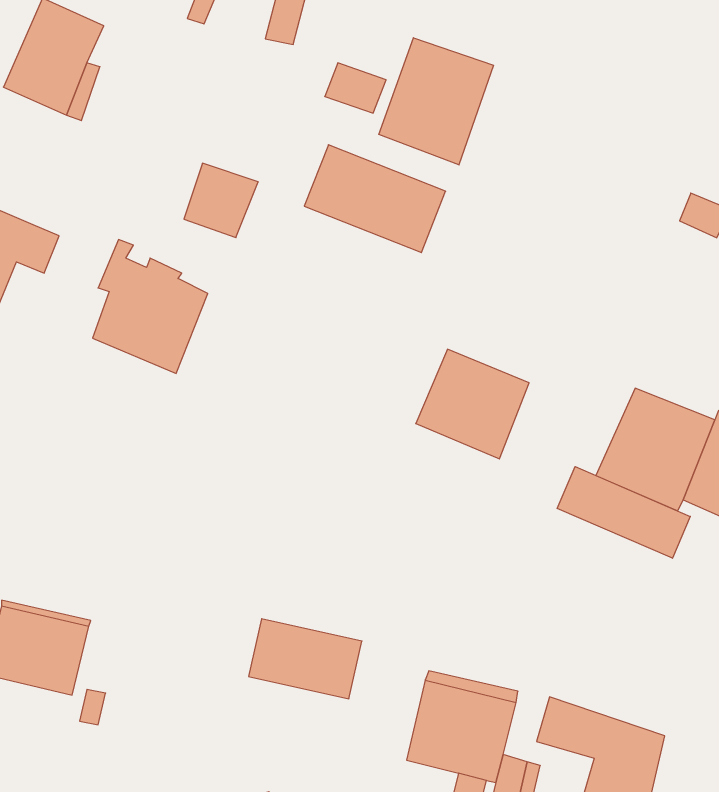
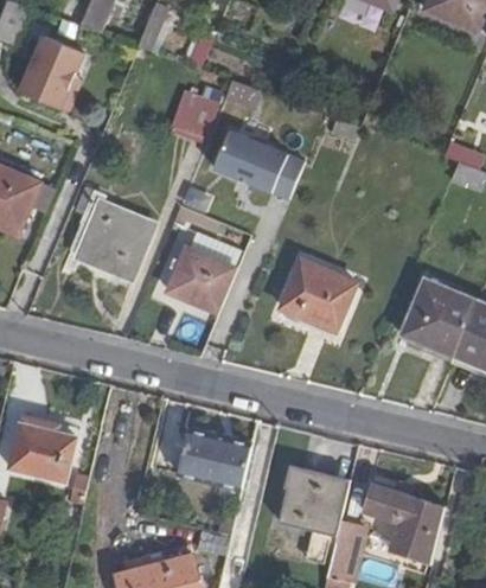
building: [379,38,493,165] -> none
building: [184,163,258,238] -> [171,92,218,140]
building: none -> [172,250,232,312]
building: [557,467,690,558] -> none

